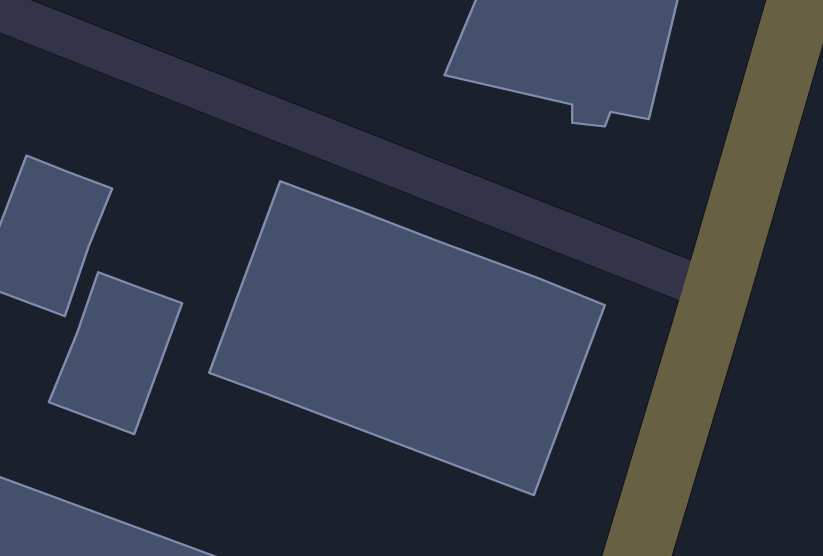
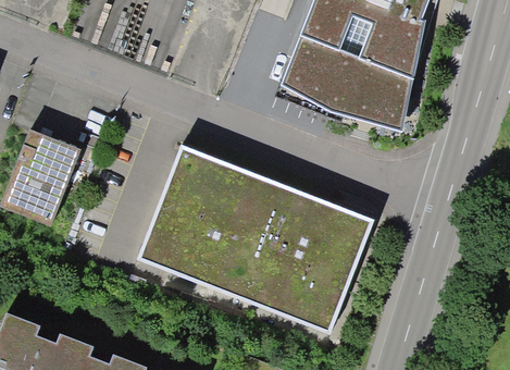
building: [49,272,182,434] -> none

